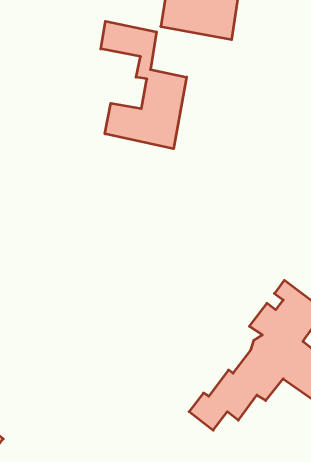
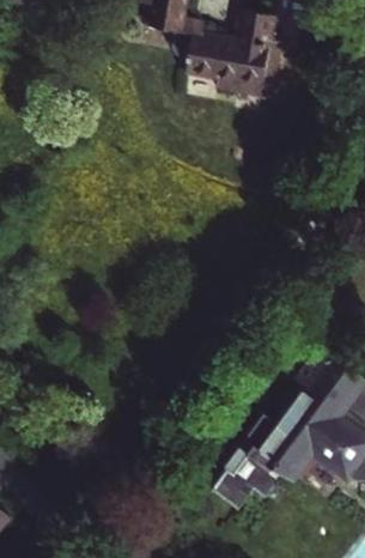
building: [101,21,187,149] -> none

